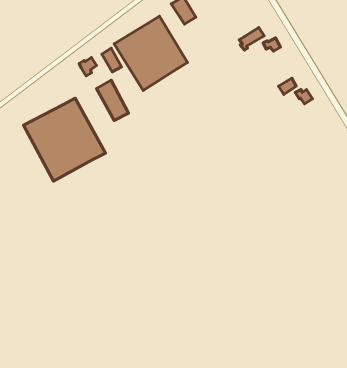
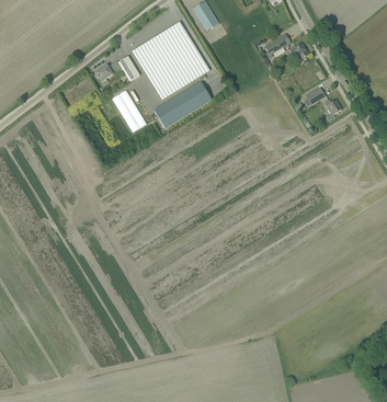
building: none -> [153,81,212,128]
building: [24,98,105,181] -> none

